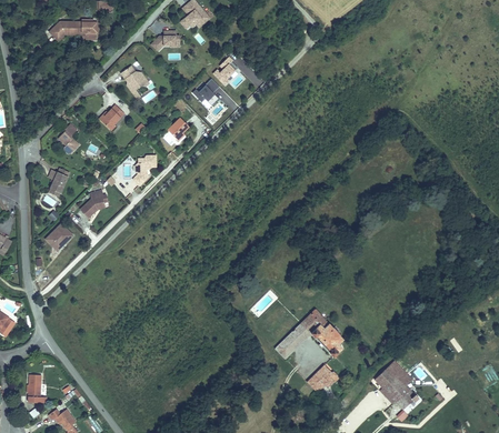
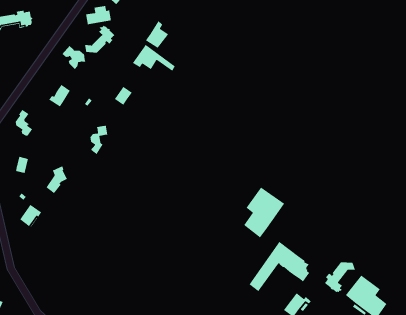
building: none -> [84,25,115,54]
building: none -> [243,187,285,238]
building: none -> [324,262,356,293]

